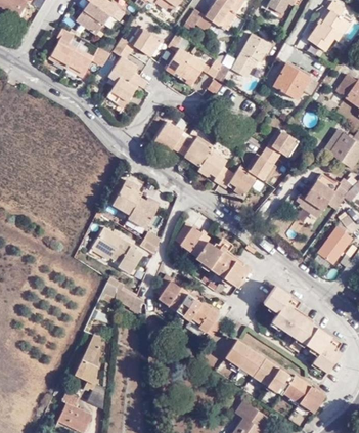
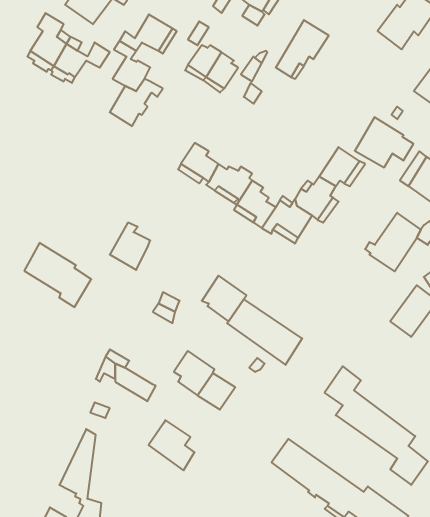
building: [276,60,319,97] -> [355,117,413,167]
building: [127,200,156,228] -> none
building: [92,229,141,276] -> [24,243,91,307]
building: [190,300,224,337] -> [149,420,195,470]

